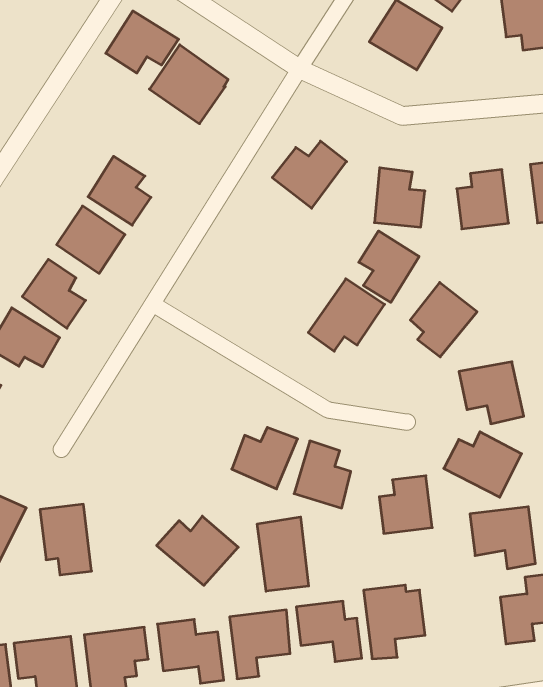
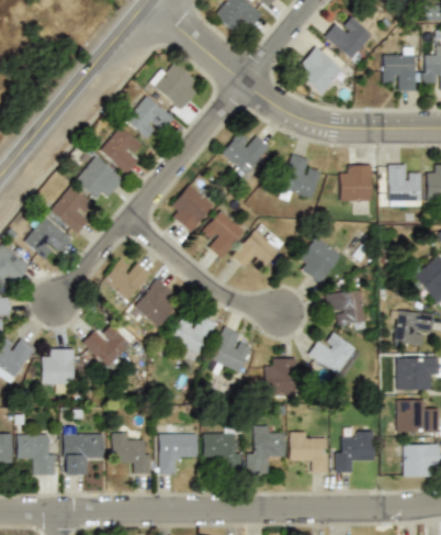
building: [106,11,179,73] -> [126,96,174,136]
building: none -> [167,182,216,232]
building: [359,231,419,302] -> [205,211,245,258]
building: none -> [103,259,150,301]
building: none -> [135,279,176,326]
building: [470,507,535,569] -> [290,435,328,473]
building: [157,516,238,585] -> [83,325,136,370]
building: [257,517,309,591] -> none

